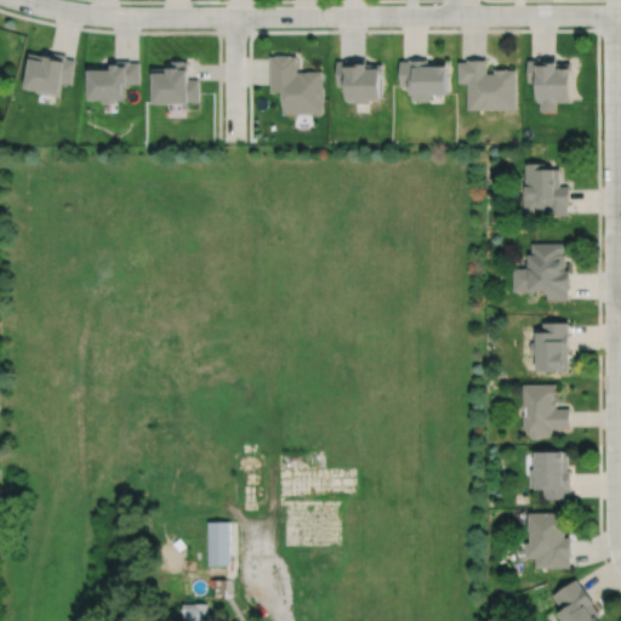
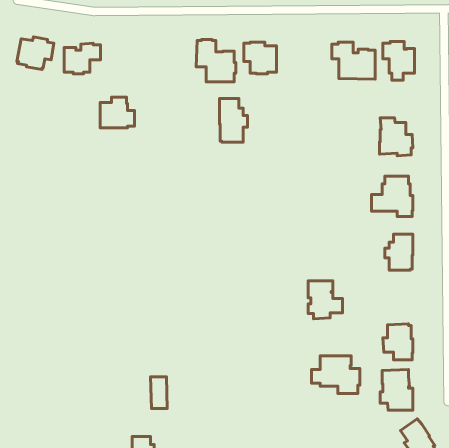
building: [399,61,446,102] -> none
building: [152,63,199,106] -> [100,97,134,128]
building: none -> [219,99,247,142]
building: [522,387,569,439] -> [308,281,343,319]
building: none -> [311,356,360,394]

